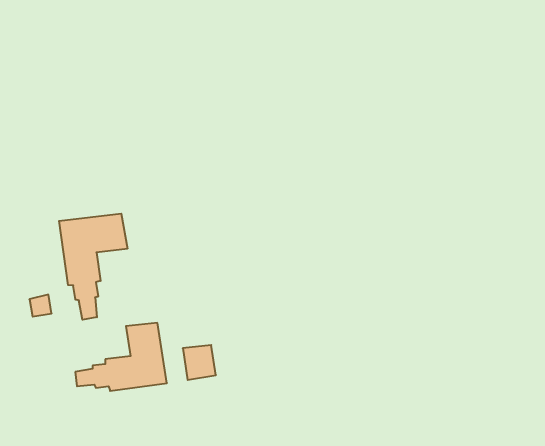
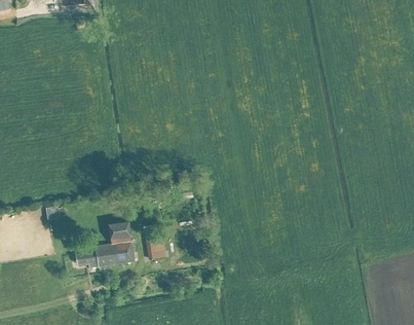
building: [59,214,127,320] -> none

